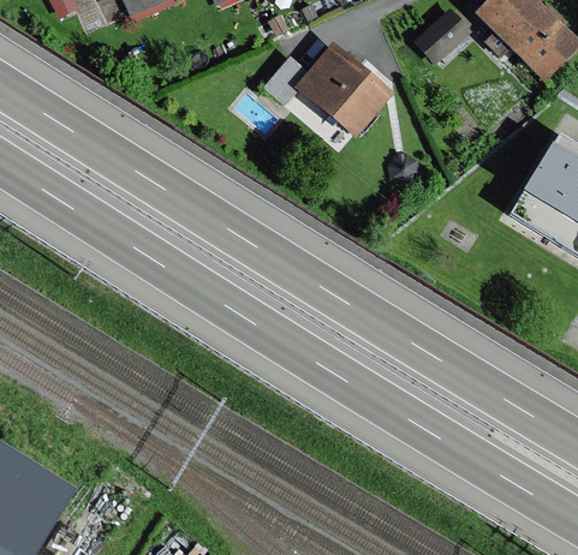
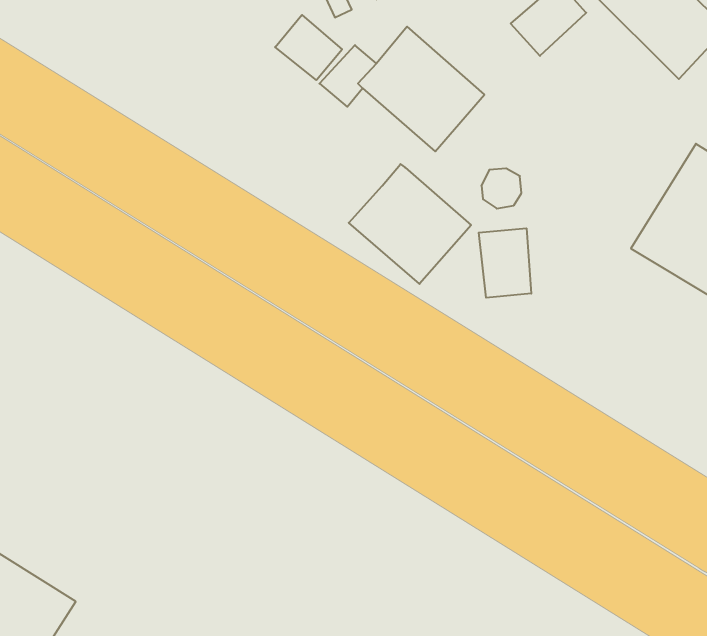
building: none -> [275,15,342,80]
building: none -> [349,164,471,284]
building: none -> [479,228,531,298]

